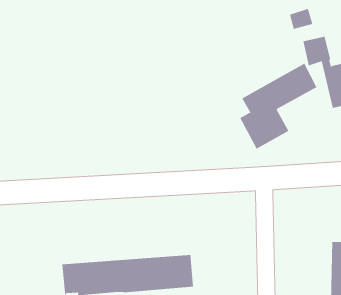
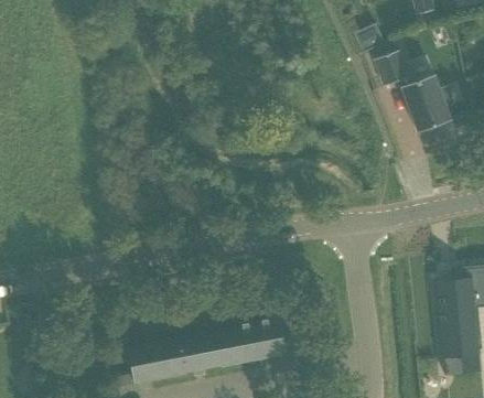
building: [240,63,317,150] -> none

